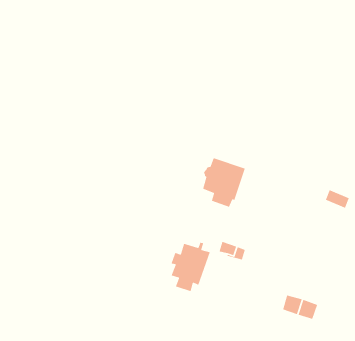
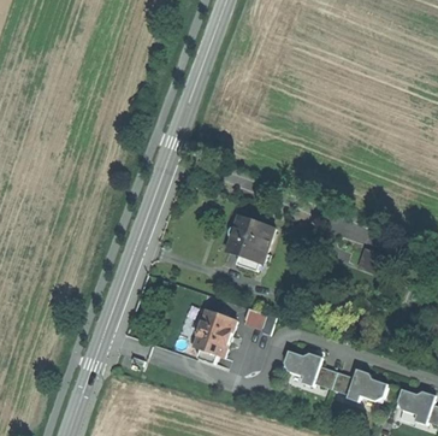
building: none -> [284,350,322,385]
building: none -> [347,369,387,401]

